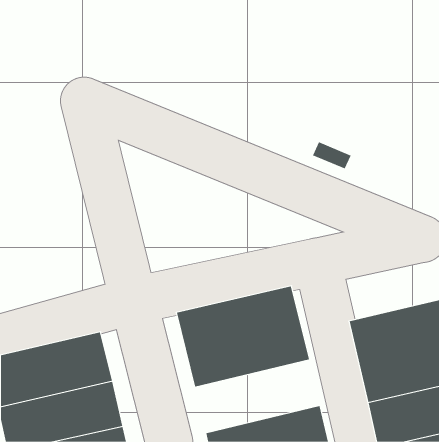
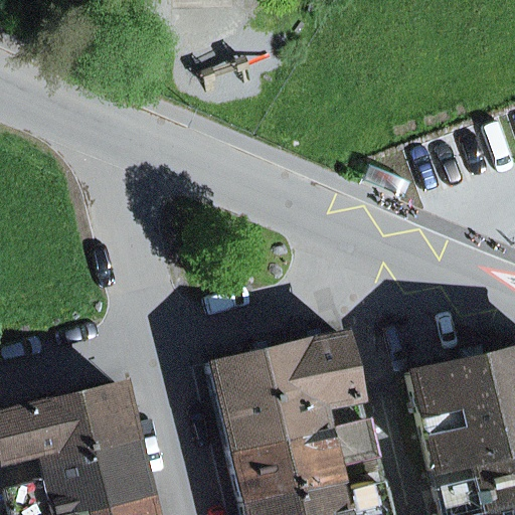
building: none -> [230,416,376,502]

